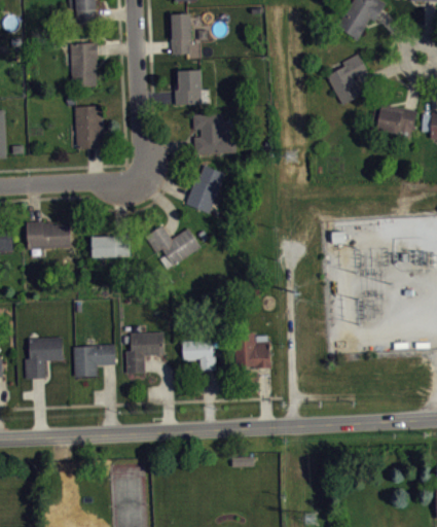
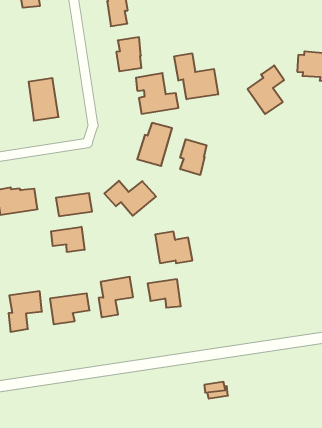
building: [70,42,99,87] -> none
building: [326,52,367,105] -> [248,65,284,114]
building: none -> [174,53,218,99]
building: none -> [180,139,207,175]
building: none -> [51,227,84,252]
building: [233,332,271,367] -> [155,232,192,263]

